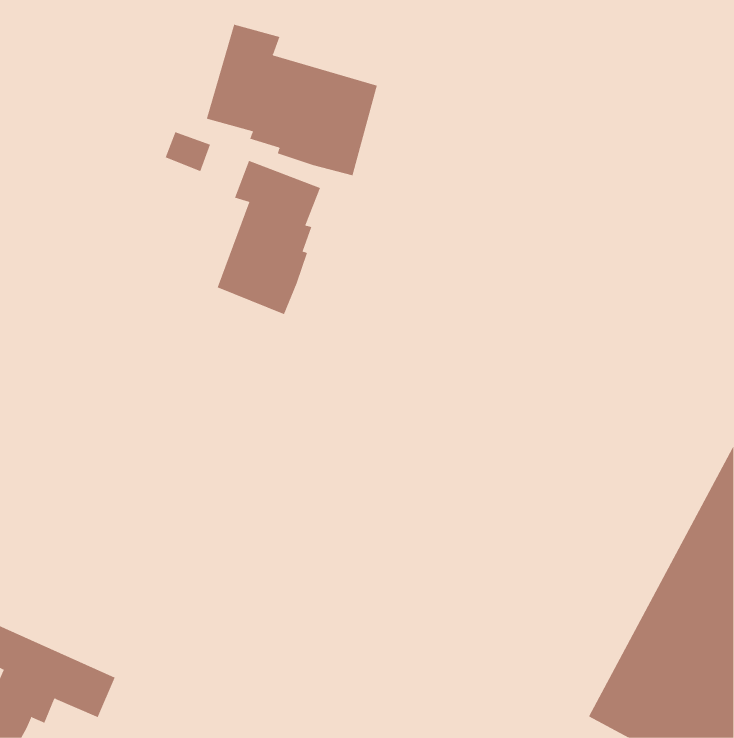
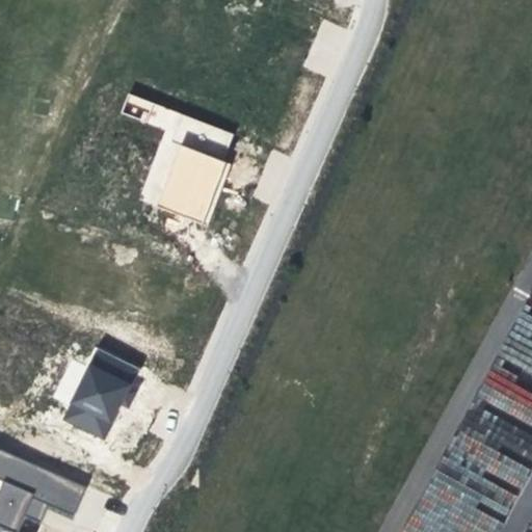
building: [206,24,378,176] -> none
building: none -> [62,350,136,438]

